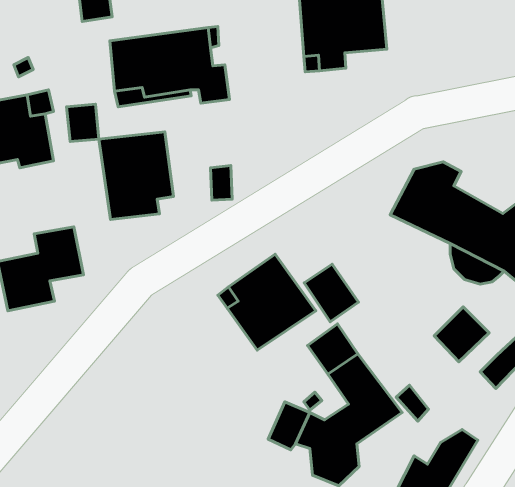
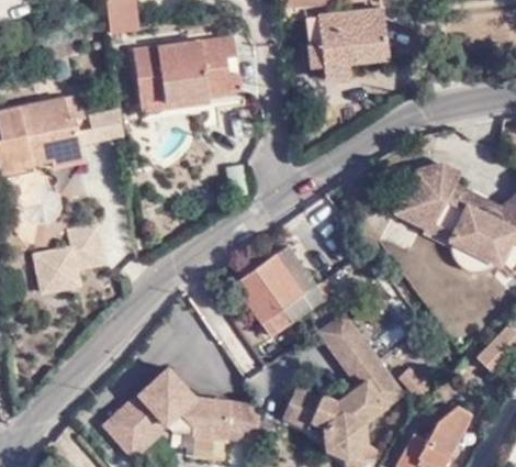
building: [99,132,173,219] -> none
building: [304,264,359,322] -> none
building: [434,307,489,362] -> none
building: none -> [104,367,260,454]

